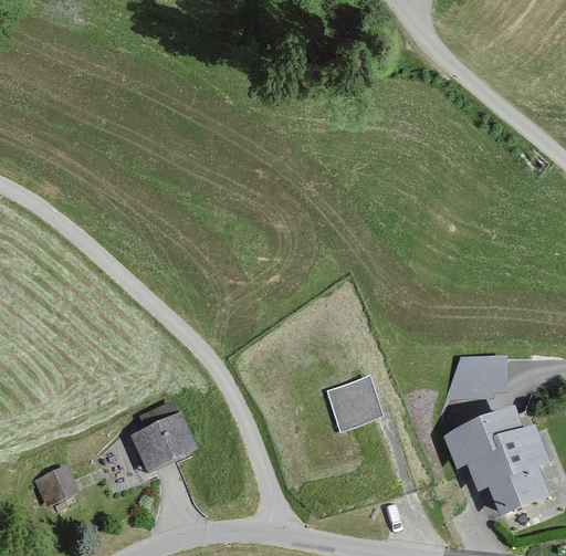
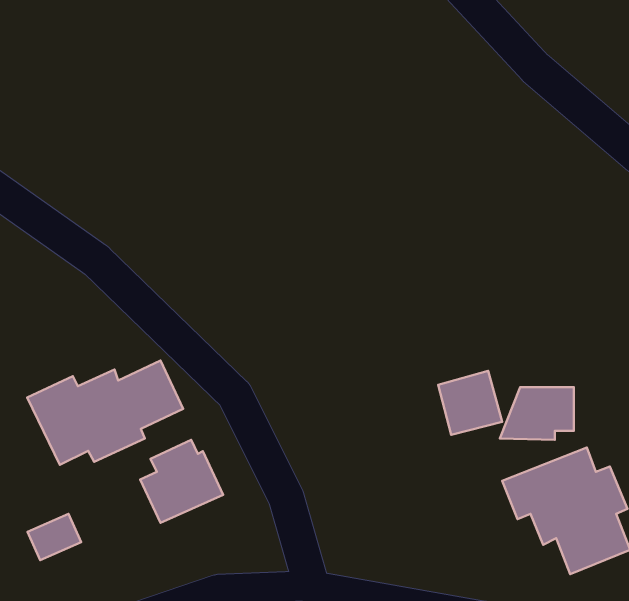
building: none -> [27,360,183,465]
building: [325,374,380,429] -> [438,371,502,435]

